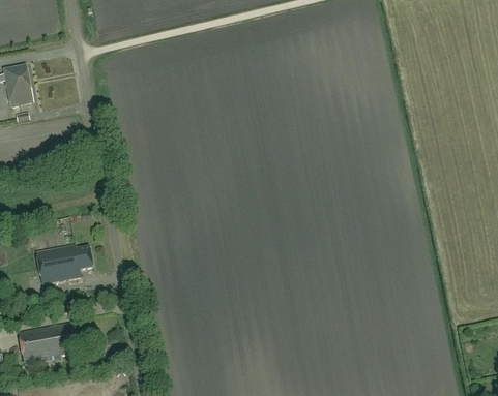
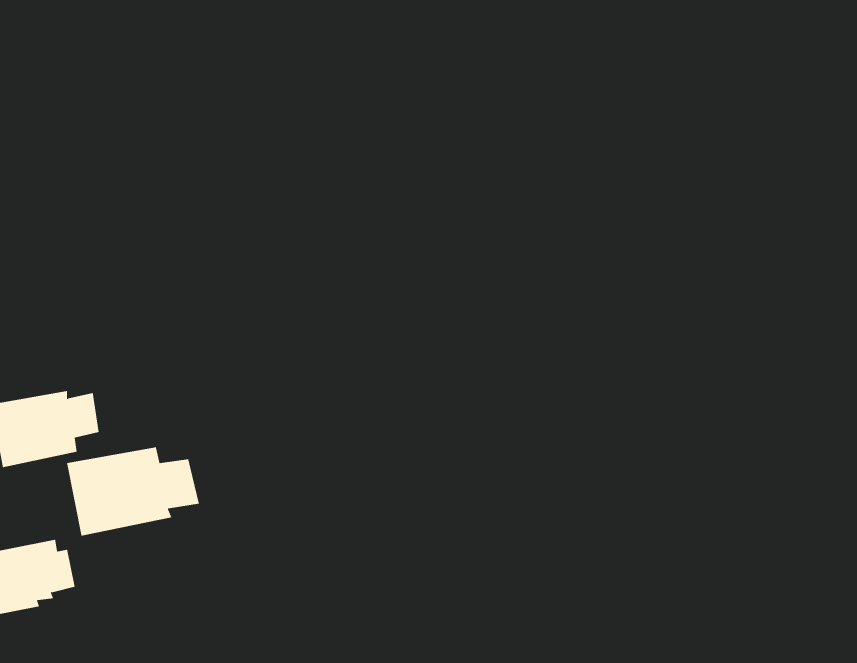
building: none -> [66,447,200,537]

